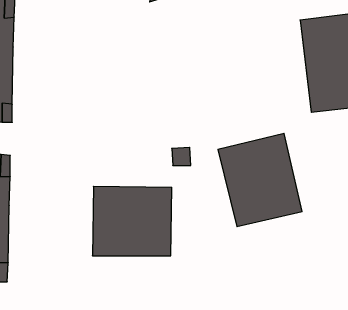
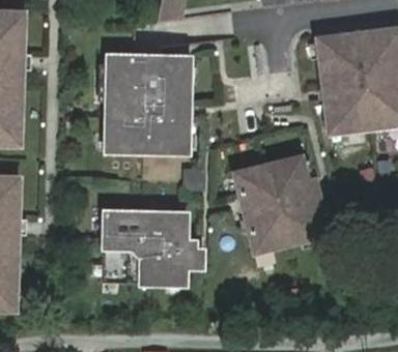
building: none -> [105,51,190,149]

